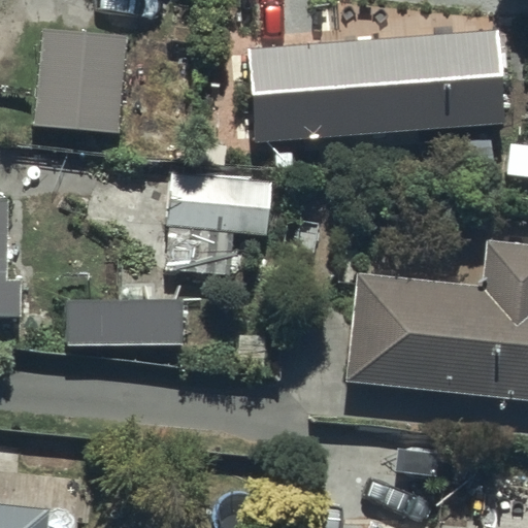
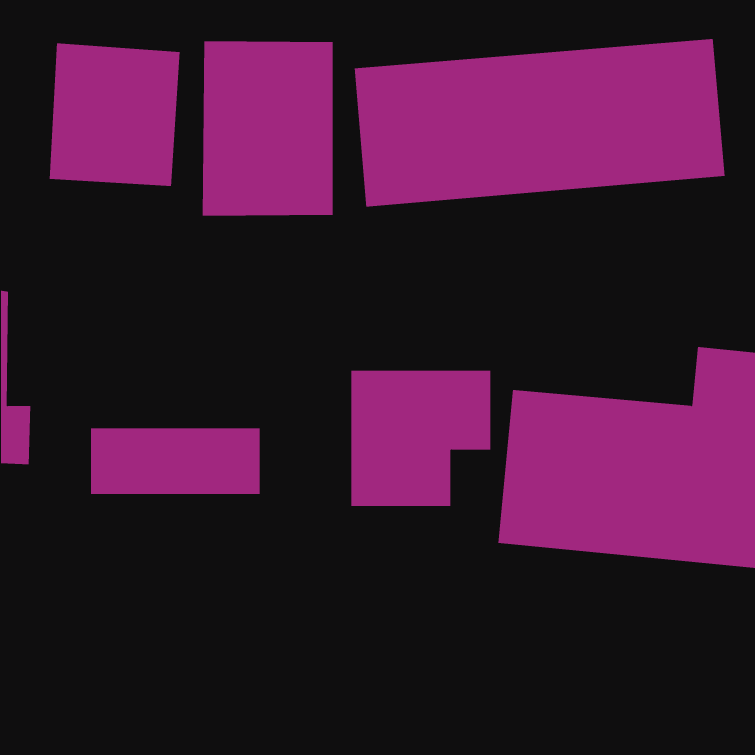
building: none -> [202,41,333,217]
building: [164,177,262,272] -> [351,370,491,506]

